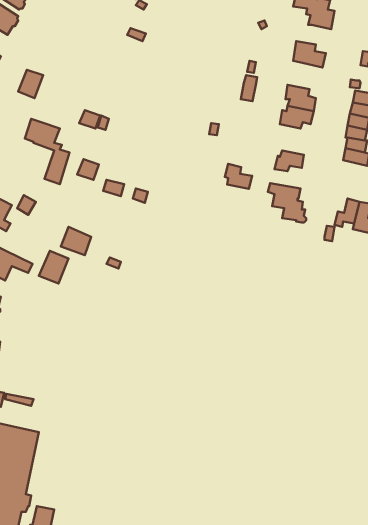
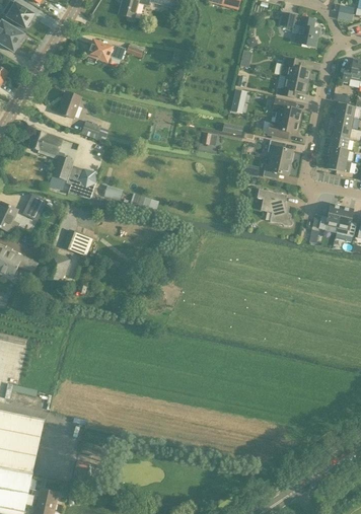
building: none -> [88,41,125,63]
building: none -> [276,77,307,98]
building: [18,70,43,98] -> [58,92,81,119]
building: [225,164,252,189] -> [268,140,293,163]

